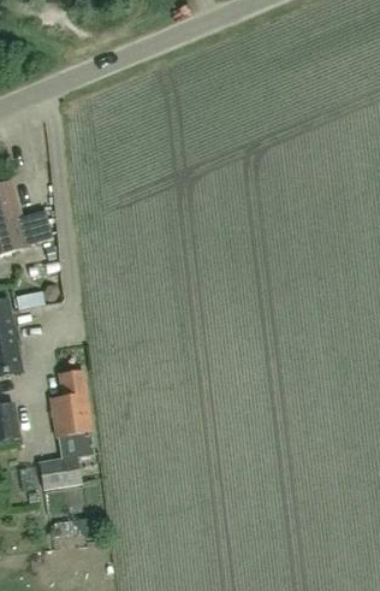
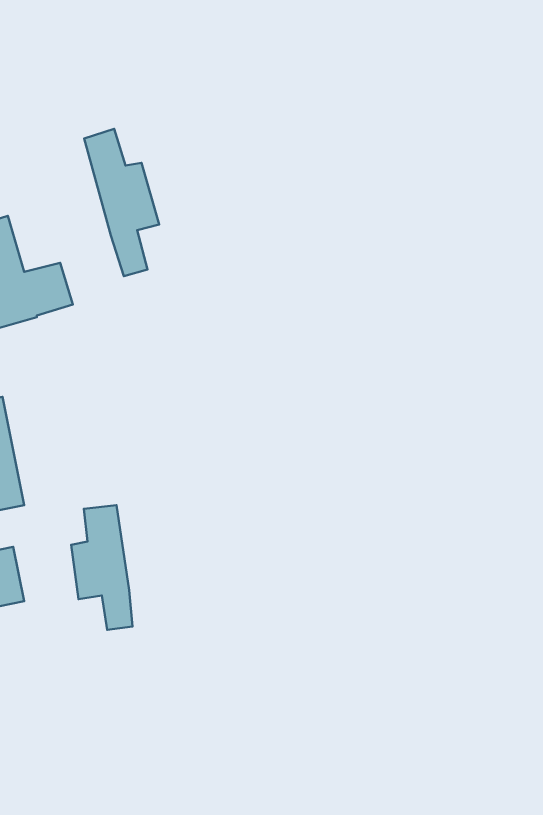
building: none -> [84,129,159,276]
building: [40,455,81,489] -> none

